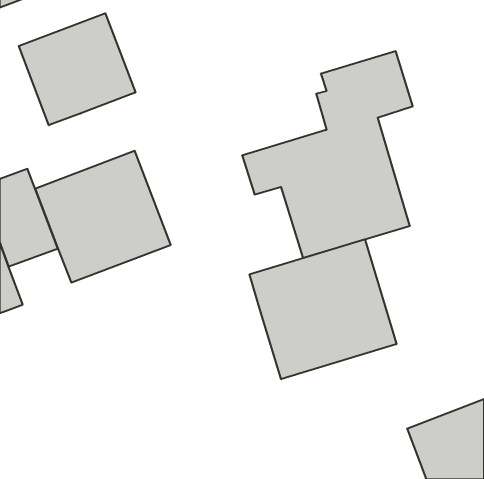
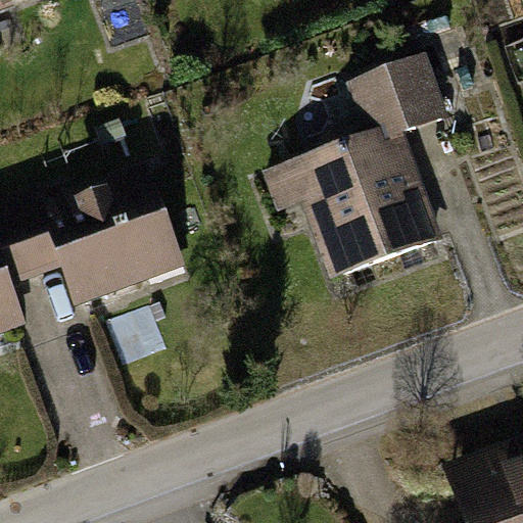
building: [19,13,135,125] -> none
building: [250,239,396,379] -> none

